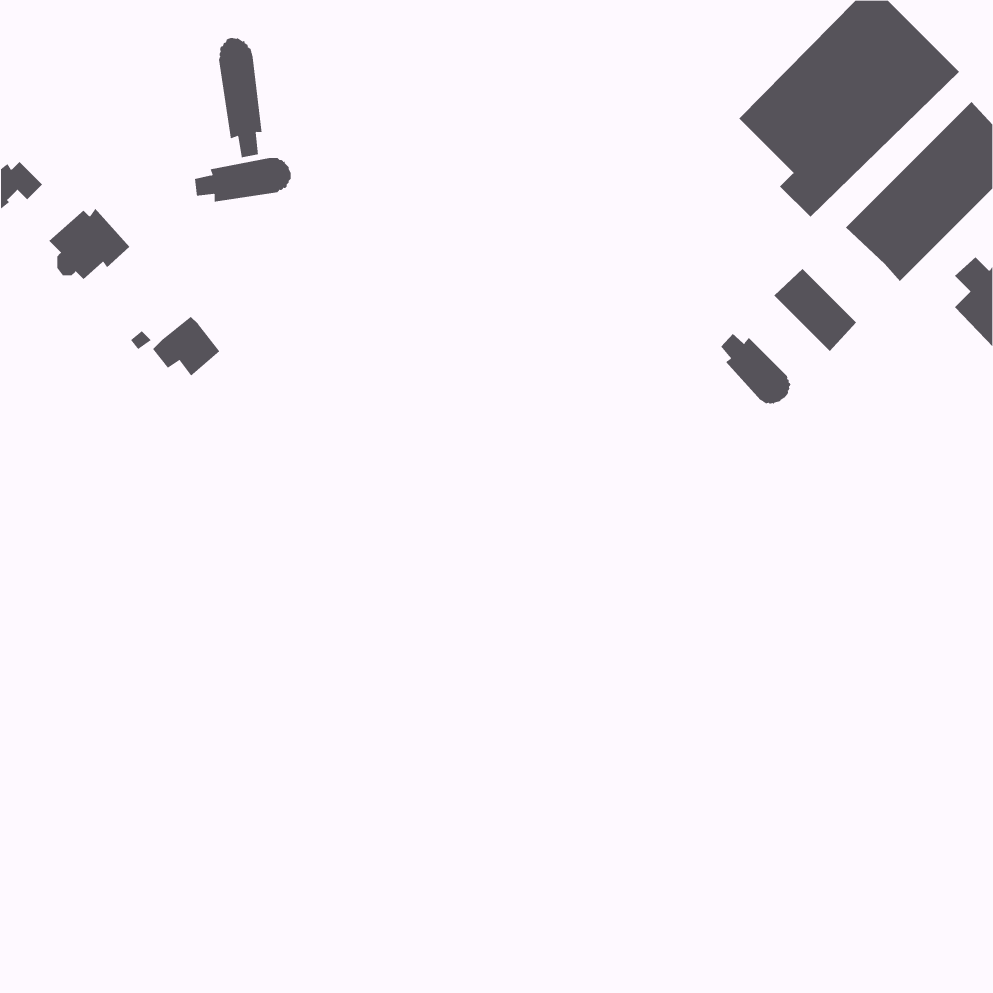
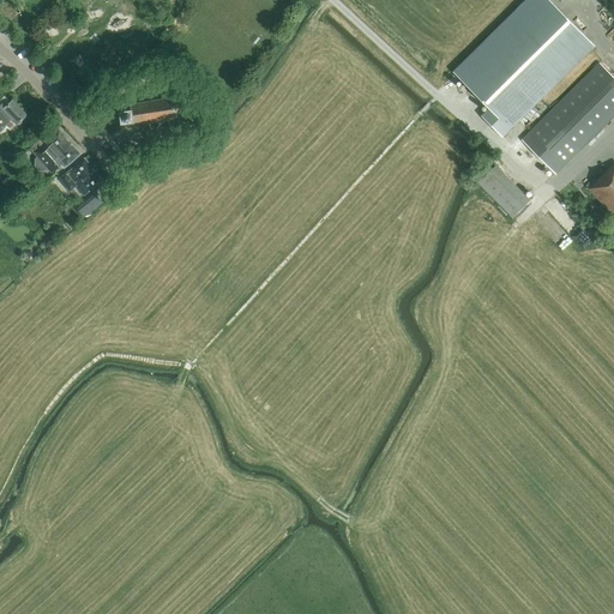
building: [218,37,262,158] -> none
building: [152,316,220,376] -> [60,158,102,195]
building: [720,333,791,405] -> none

